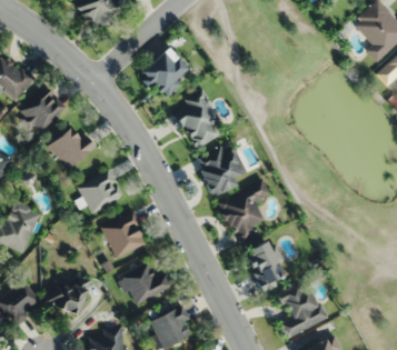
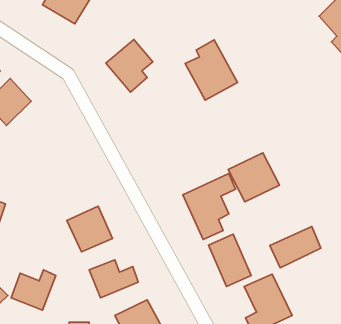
building: [173,90,226,150] -> [185,40,237,100]
building: [48,127,96,170] -> none
building: [195,147,246,196] -> [228,153,280,202]
building: [78,171,125,214] -> none
building: none -> [270,226,321,268]

